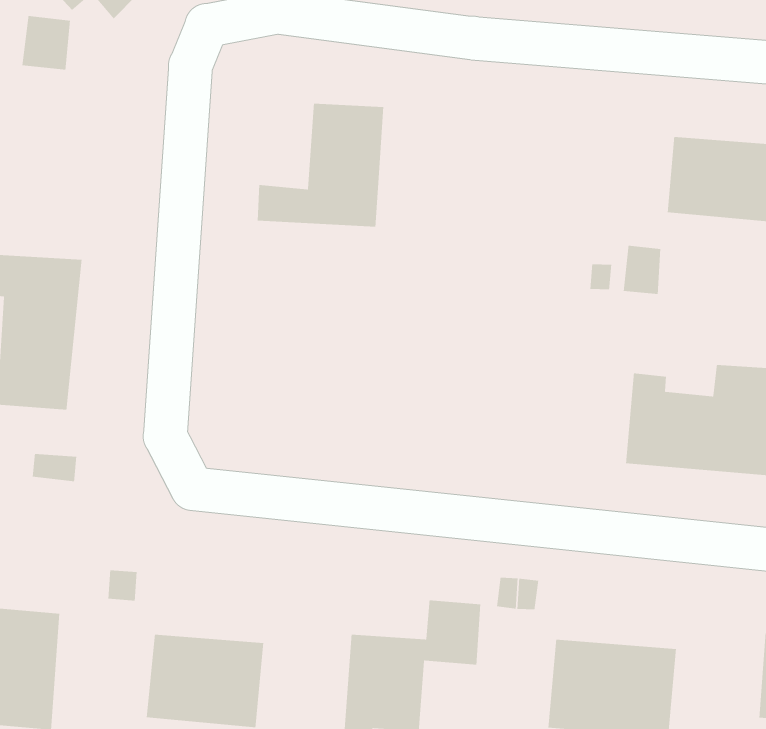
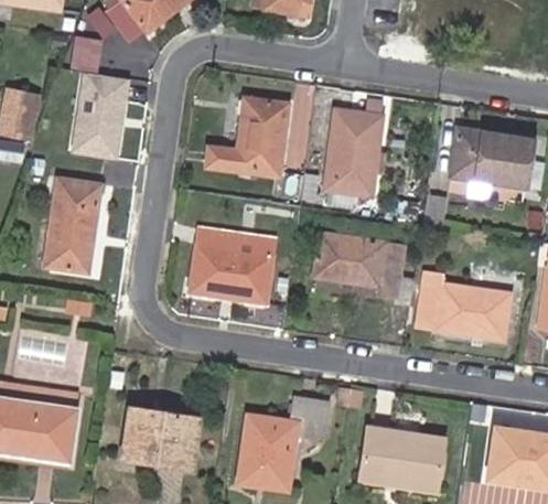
building: none -> [67,71,129,158]
building: none -> [326,114,378,195]
building: none -> [314,219,404,294]
building: none -> [192,229,272,301]

